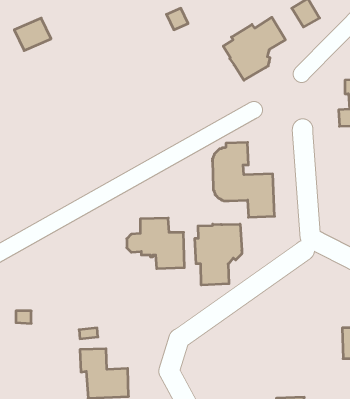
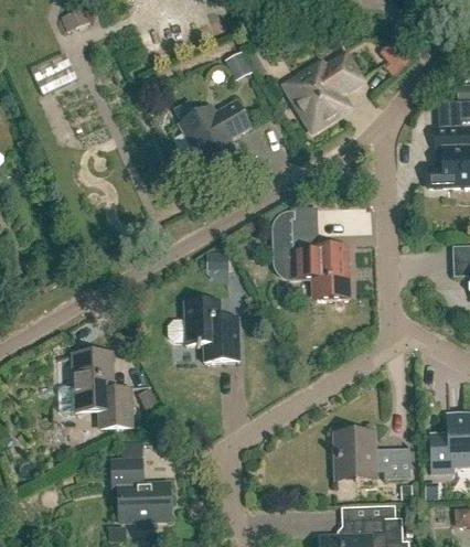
building: none -> [173,95,250,168]
building: [195,224,242,285] -> none
building: none -> [57,355,132,426]
building: none -> [334,431,412,479]

